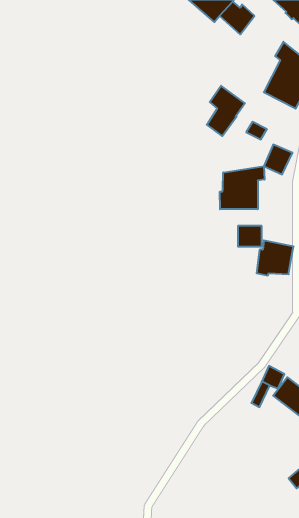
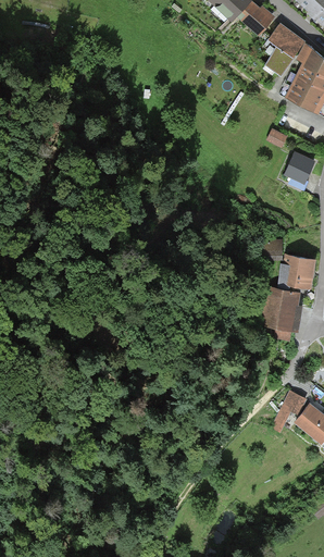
building: [207,86,245,136] -> [265,24,306,77]
building: [220,166,265,209] -> none
building: none -> [261,286,303,343]

